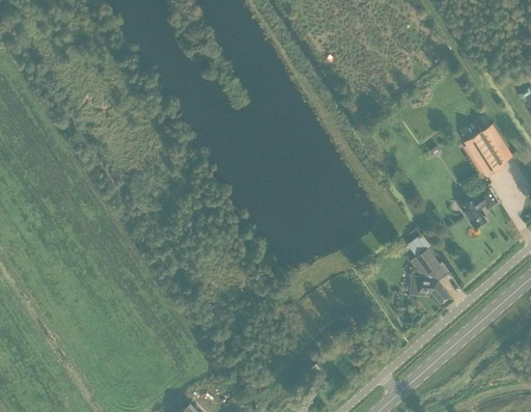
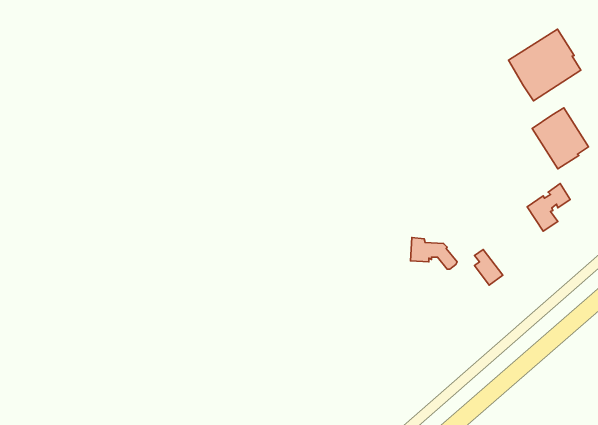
building: none -> [508,29,581,101]
building: [409,275,448,302] -> [411,237,457,269]

